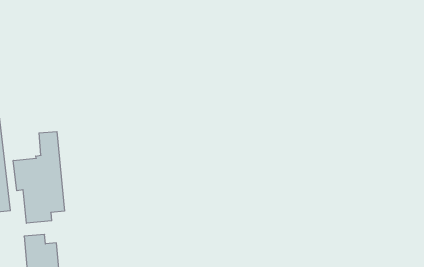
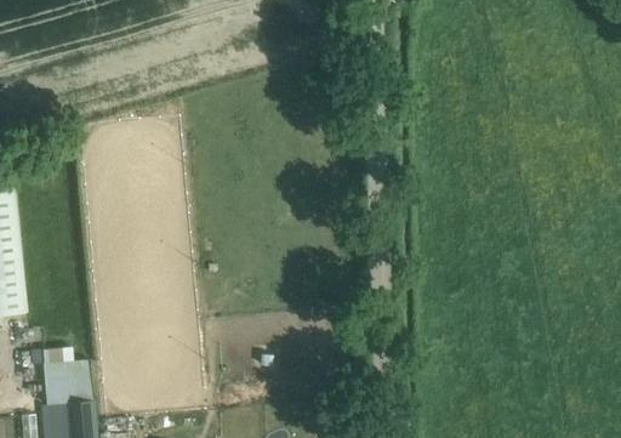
building: [13,132,64,223] -> none

